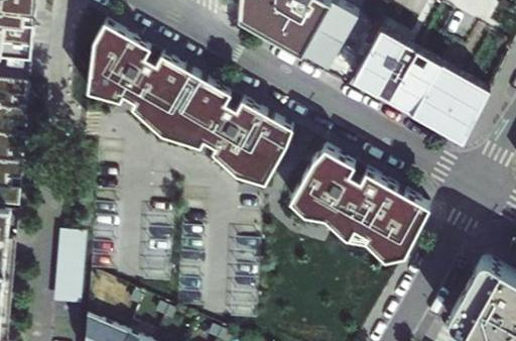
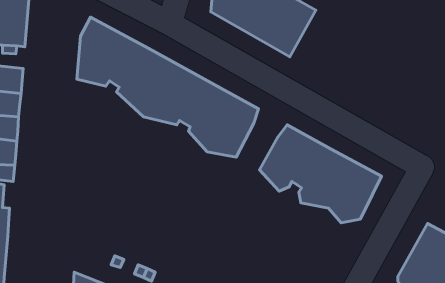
building: [353,32,490,144] -> none
building: [53,233,85,308] -> none

